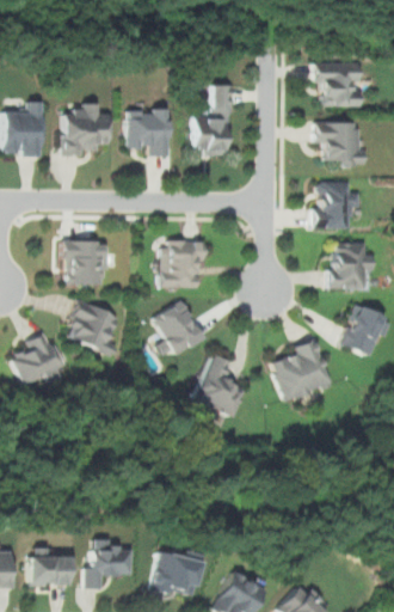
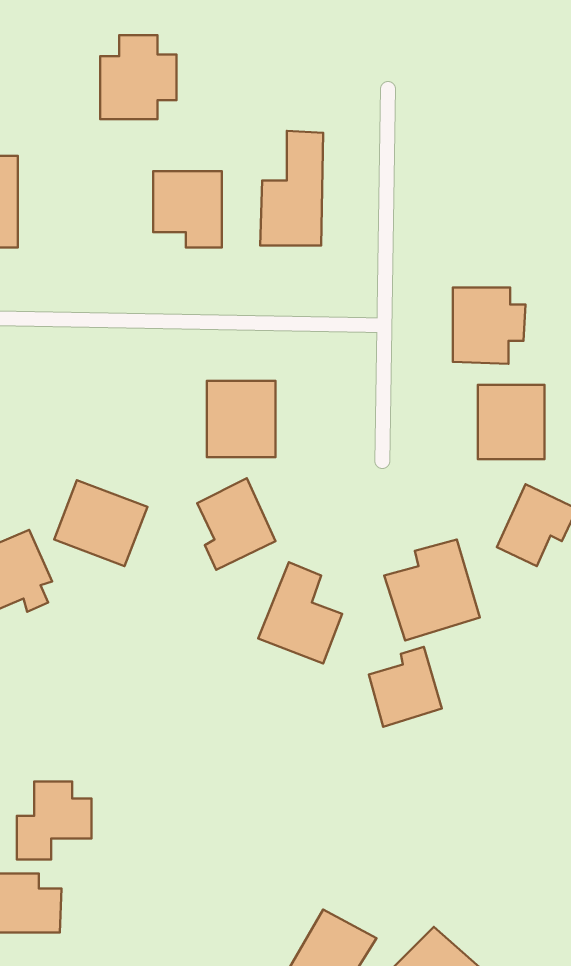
building: [314,62,359,105] -> none
building: [62,102,110,154] -> [100,35,176,119]
building: [315,121,363,165] -> none
building: [62,239,107,284] -> none
building: none -> [369,647,442,727]
building: [84,539,130,588] -> [17,781,91,860]
building: [150,546,202,598] -> none

